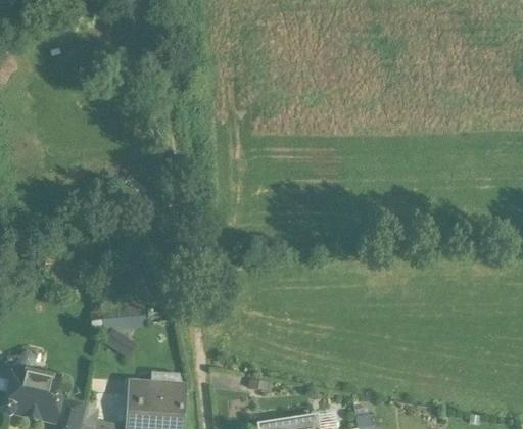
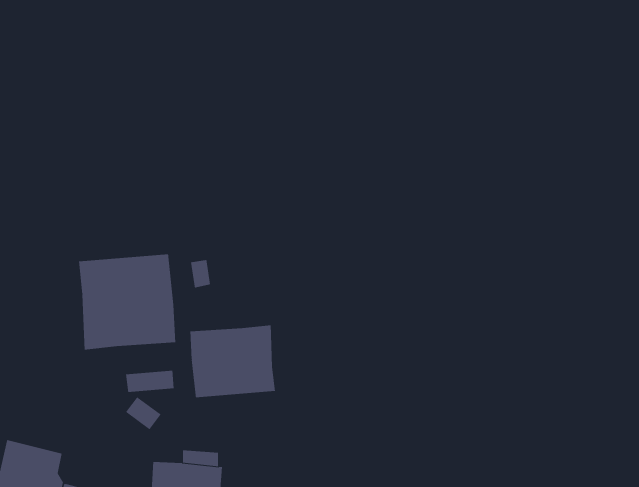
building: none -> [78,254,176,350]
building: none -> [190,324,275,398]

